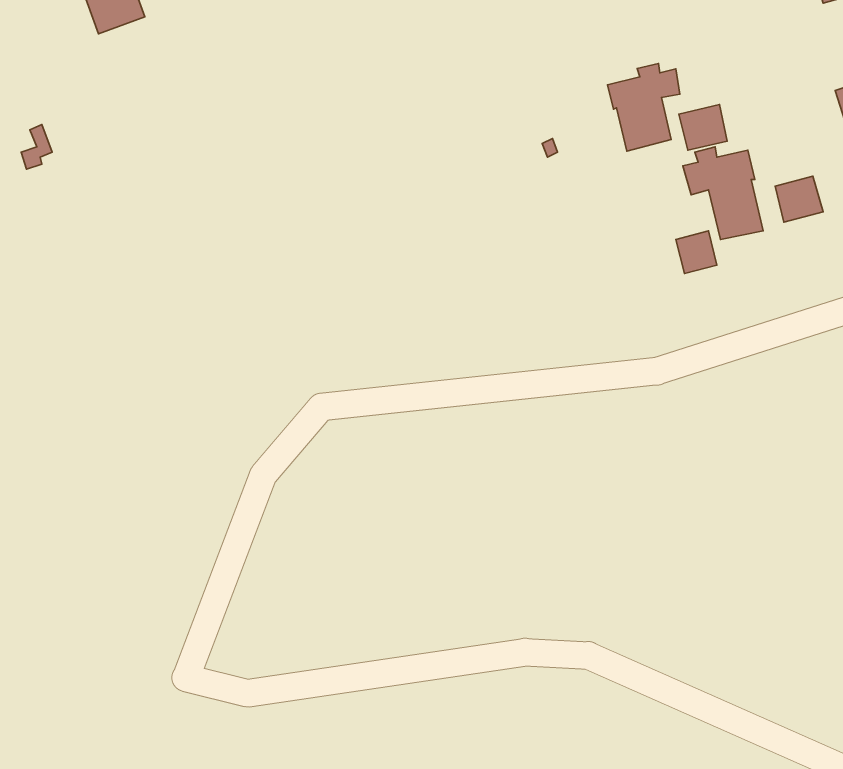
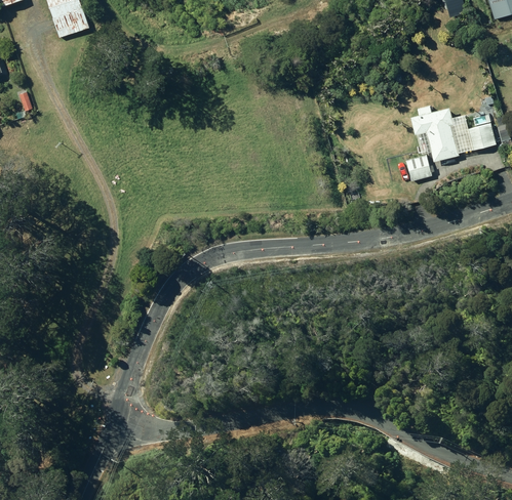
building: [608,64,680,151] -> none
building: [679,105,727,150] -> none

